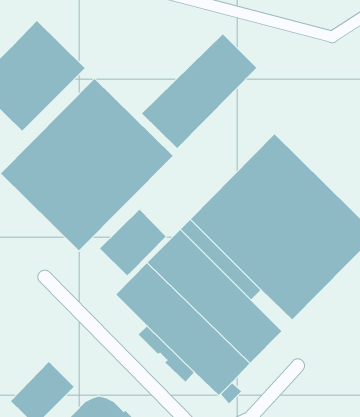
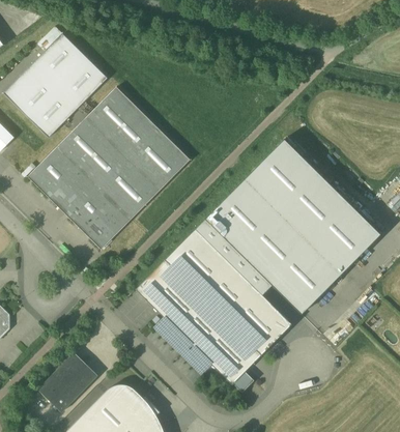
building: [141,34,257,149] -> none
building: [99,209,167,276] -> none

